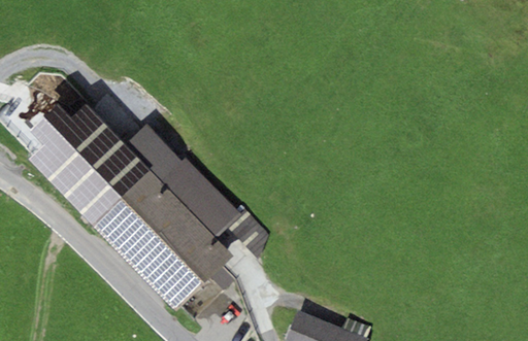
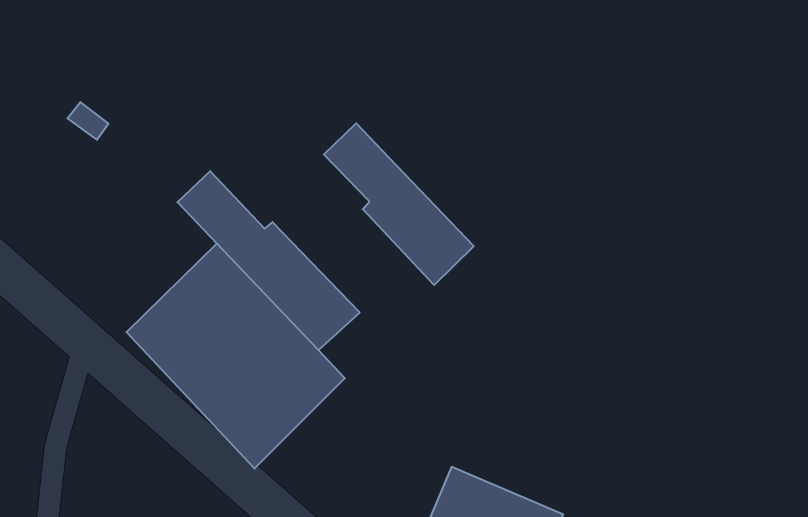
building: none -> [324,123,474,285]
building: [27,104,150,225] -> none

